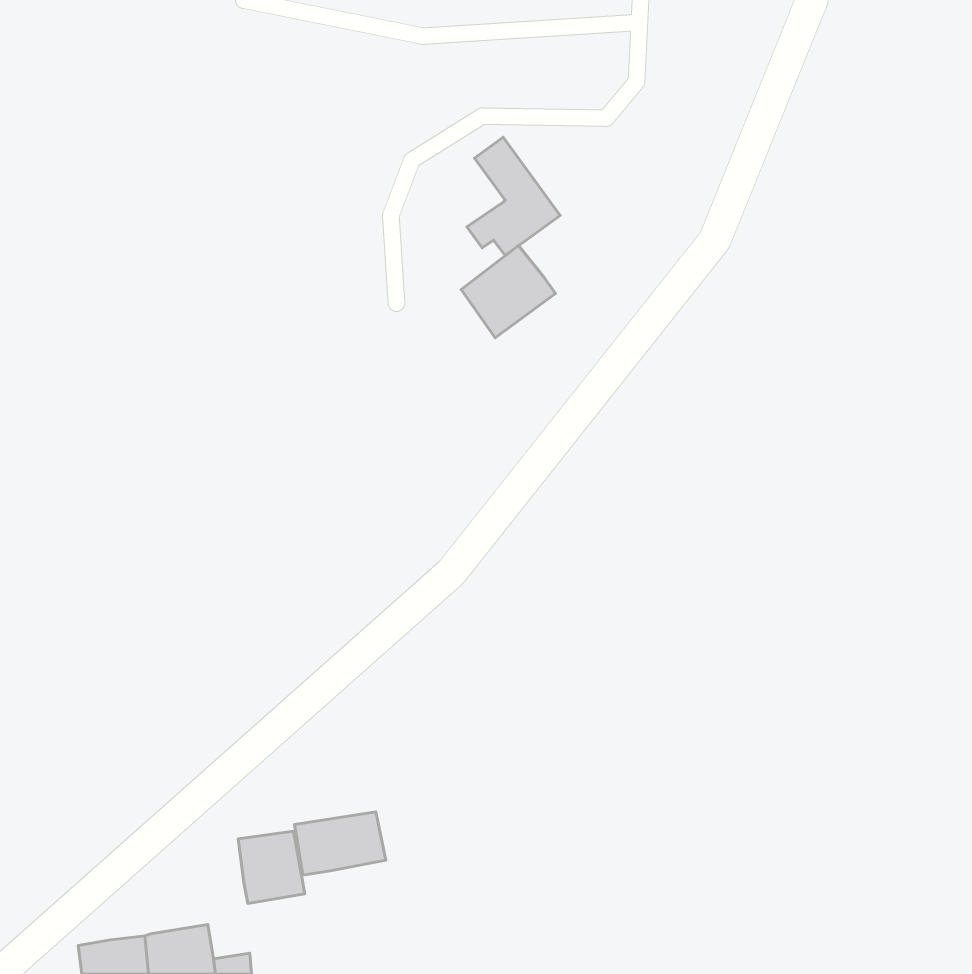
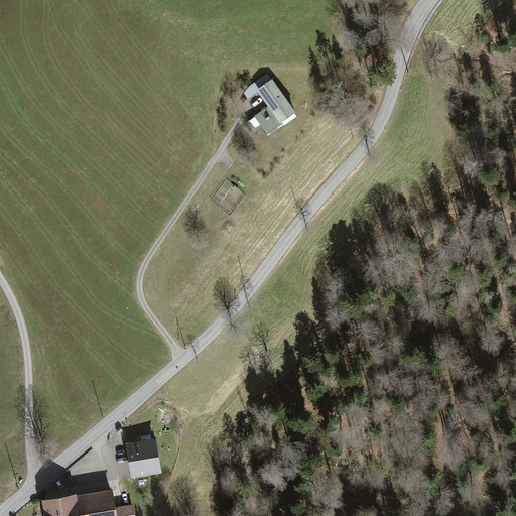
building: [461,246,556,338] -> none
building: [294,812,386,875] -> none

